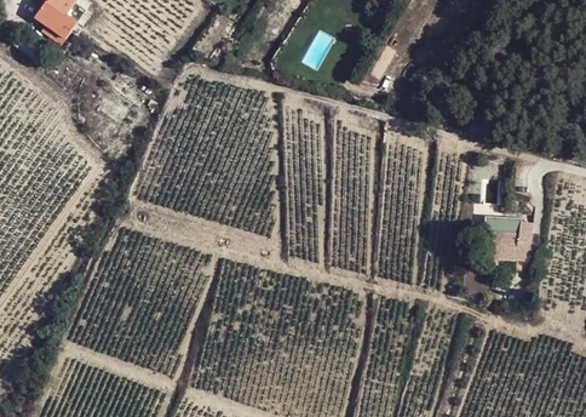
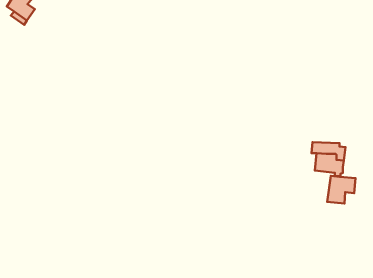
building: none -> [327,176,355,204]

